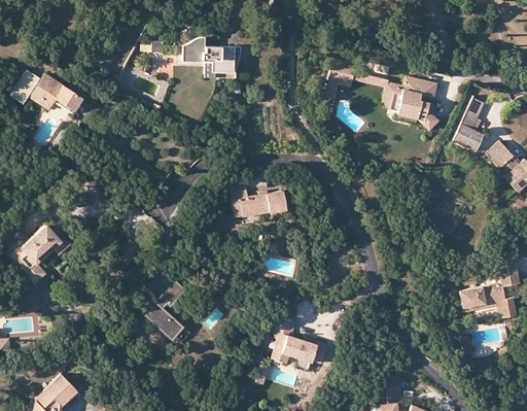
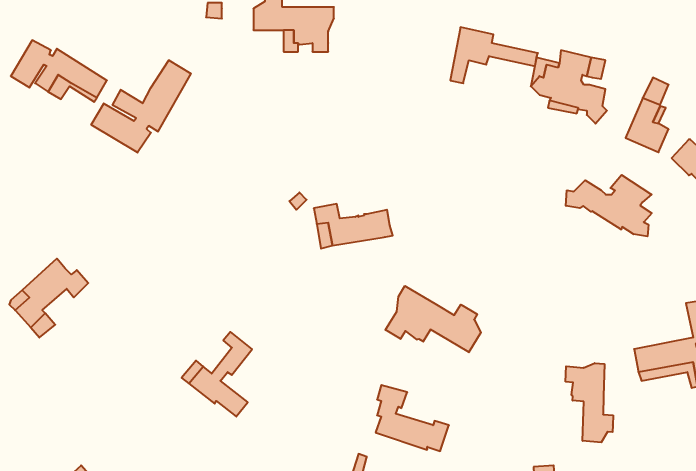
building: none -> [91,60,191,153]
building: none -> [566,175,652,236]
building: none -> [385,286,481,352]
building: none -> [566,363,613,442]

